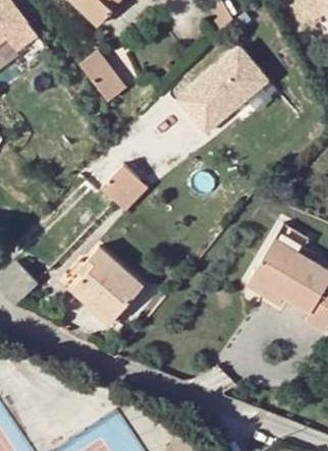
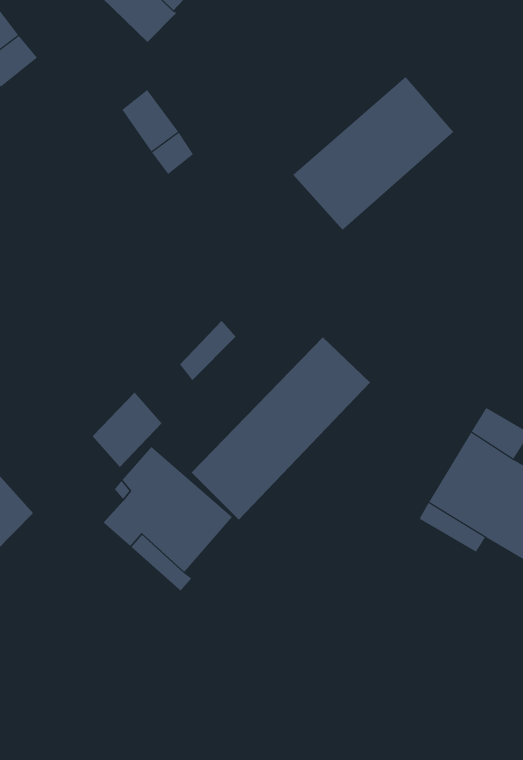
building: [100,161,139,203] -> [92,392,163,468]
building: none -> [191,336,371,521]

